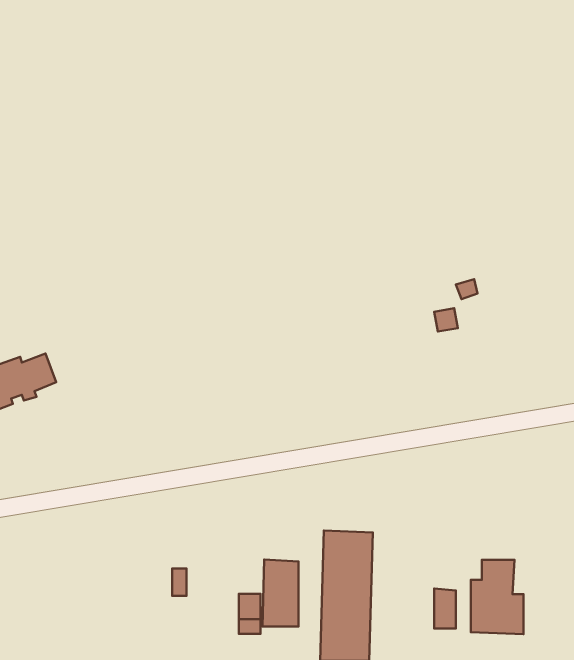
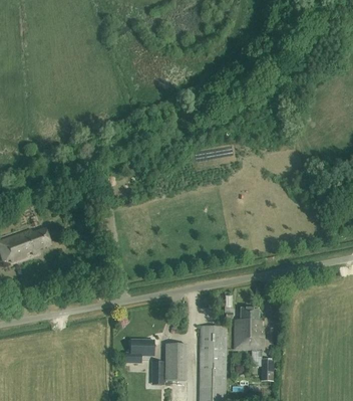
building: none -> [125,339,154,363]
building: [471,560,523,634] -> [235,308,264,349]

